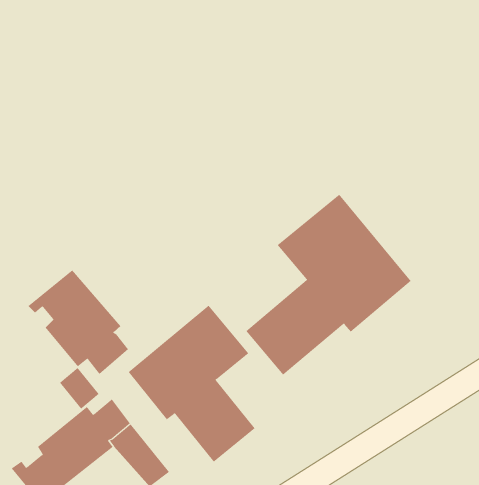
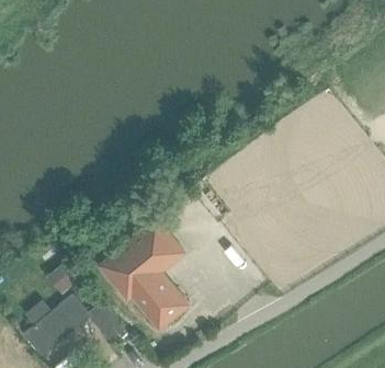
building: [246,194,412,376] -> none
building: [27,269,129,375] -> none

